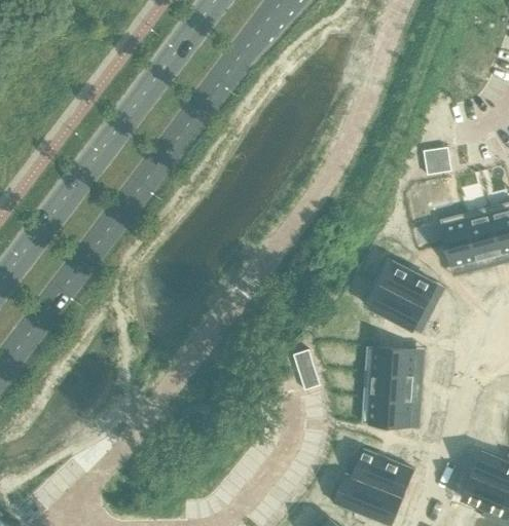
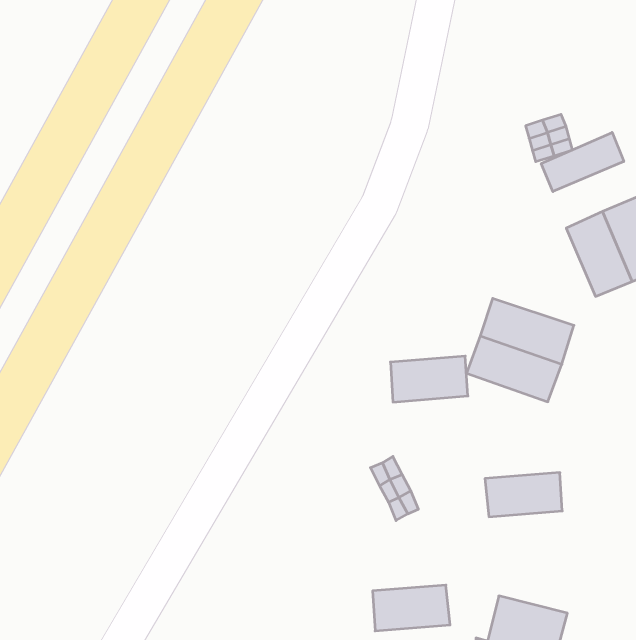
building: none -> [541,132,624,192]
building: [367,346,417,375] -> [390,356,468,402]
building: [364,397,413,425] -> [373,585,450,631]

